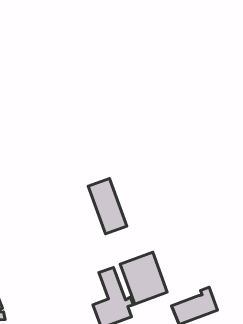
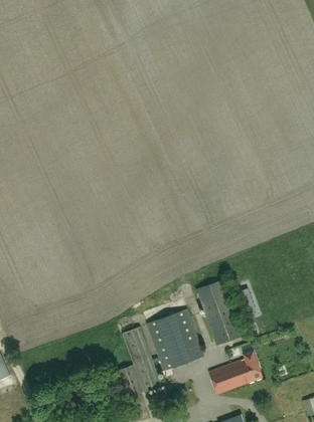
building: [88,178,127,234] -> [196,279,242,345]

